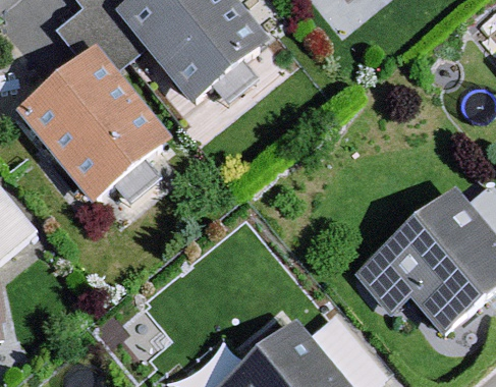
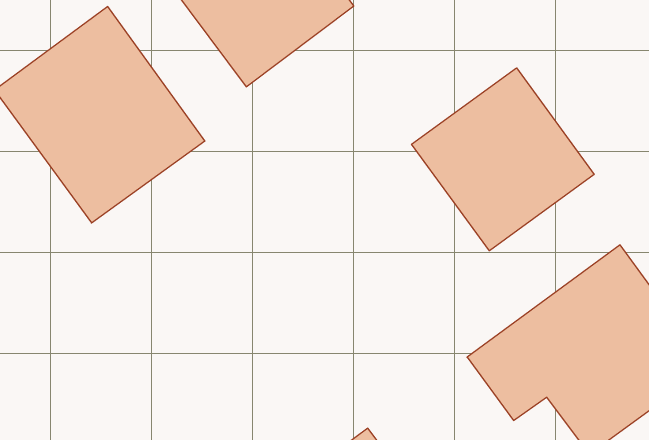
building: none -> [412,68,594,251]

